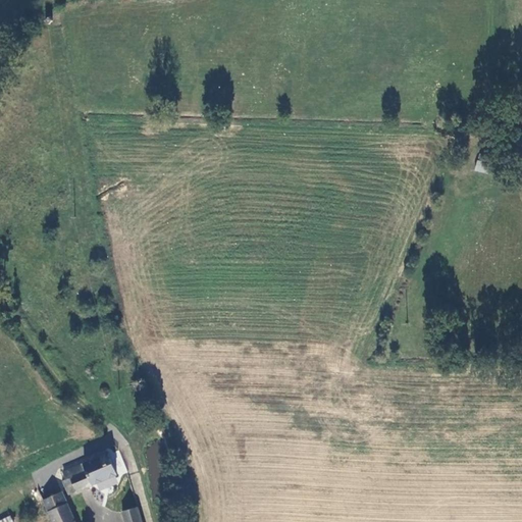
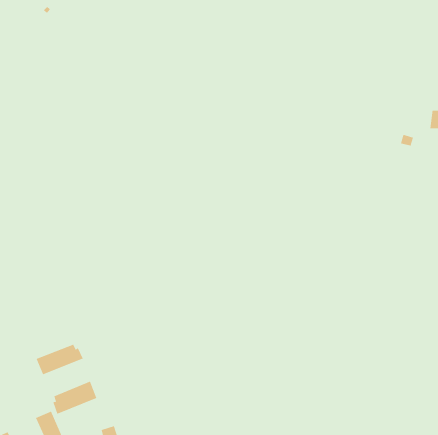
building: none -> [36,344,83,375]

